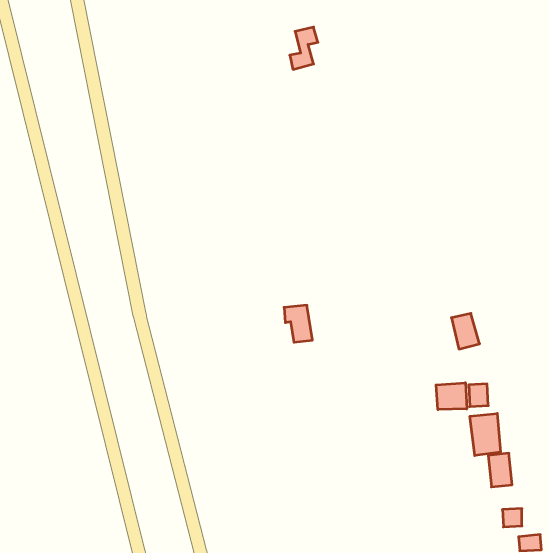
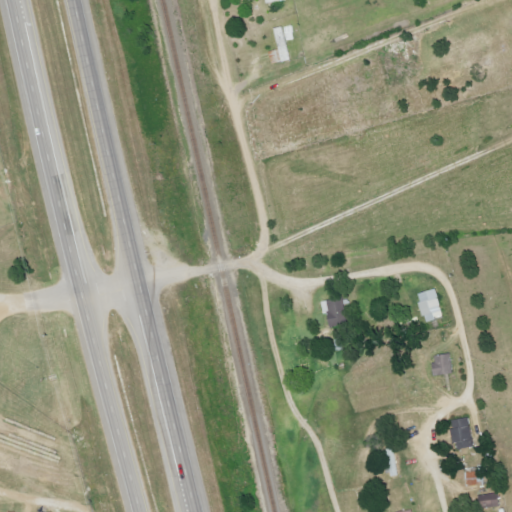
building: [284,305,312,342] -> [320,298,346,332]
building: [436,383,467,410] -> none
building: [470,413,500,456] -> none

